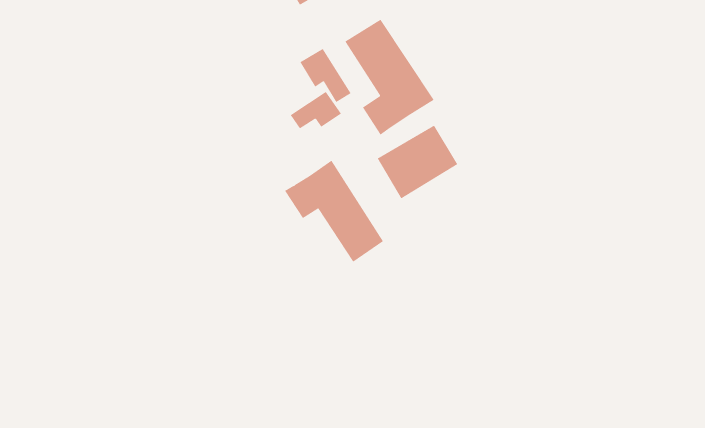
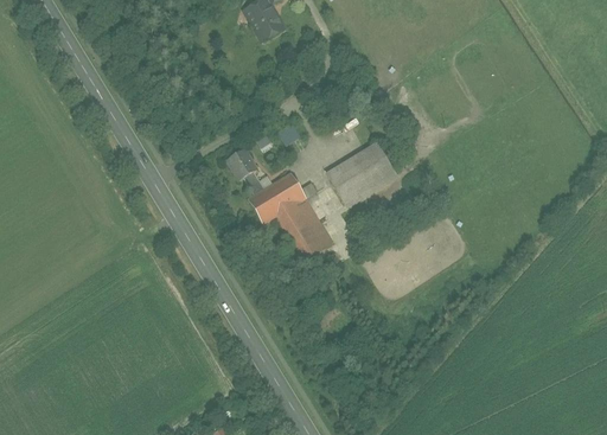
building: [344,19,434,135] -> none
building: [299,48,351,103] -> [226,148,270,194]

